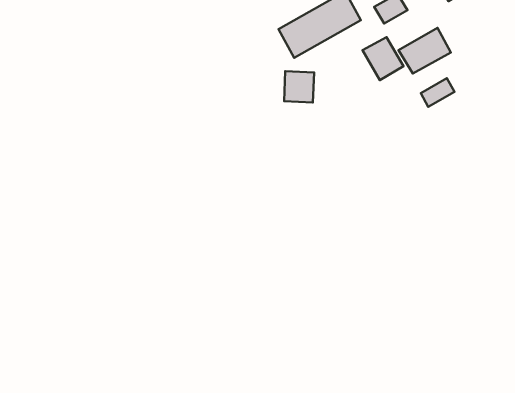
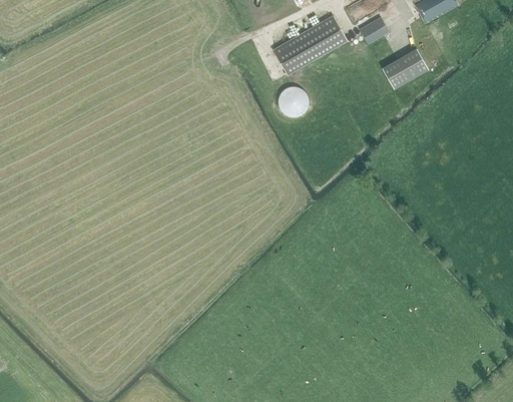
building: [363,37,403,80] -> none
building: [421,78,454,107] -> none

